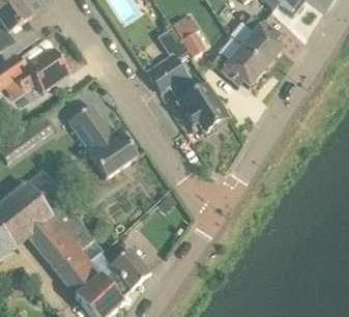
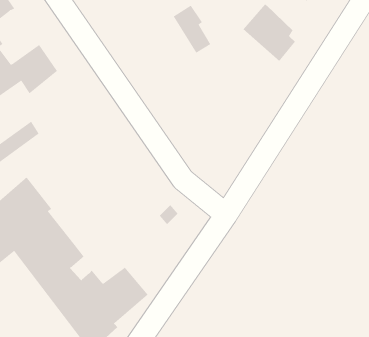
building: [210,35,267,86] -> none
building: [146,54,228,135] -> none
building: [67,104,138,177] -> none

